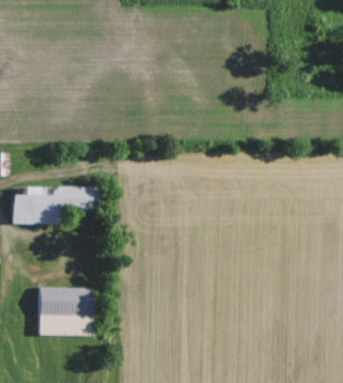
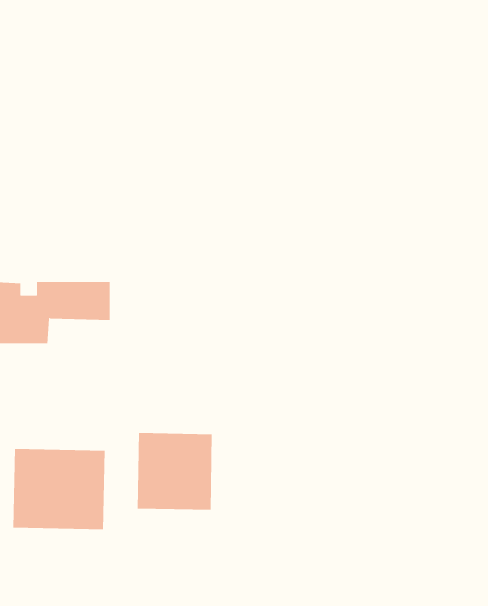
building: none -> [137,432,212,510]

